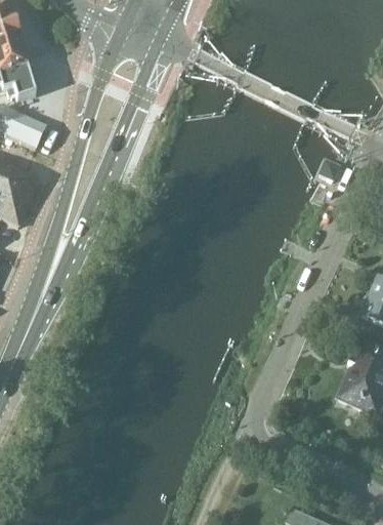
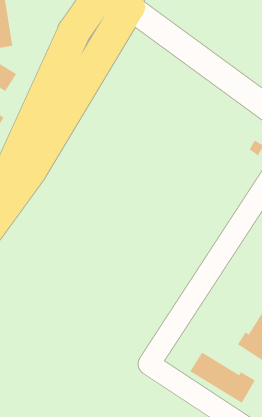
building: none -> [189,351,256,404]

